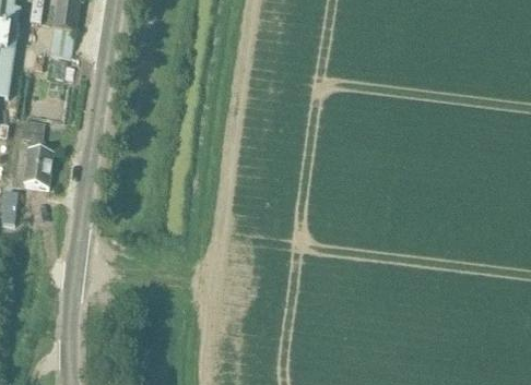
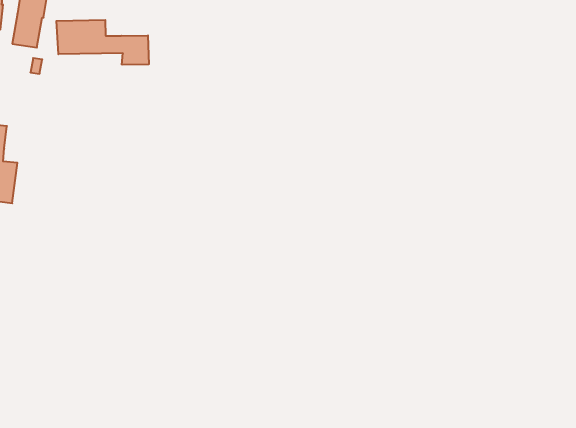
building: none -> [56,20,149,65]

